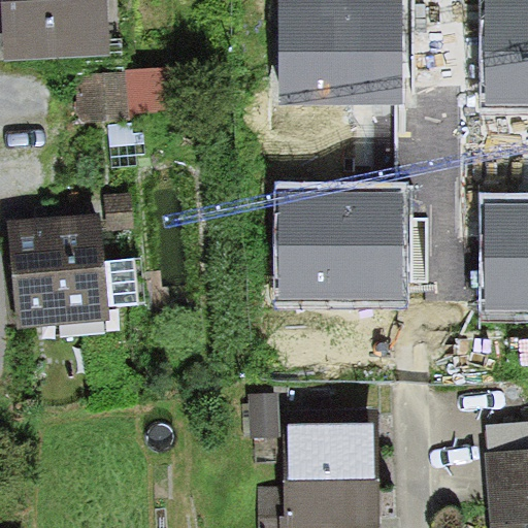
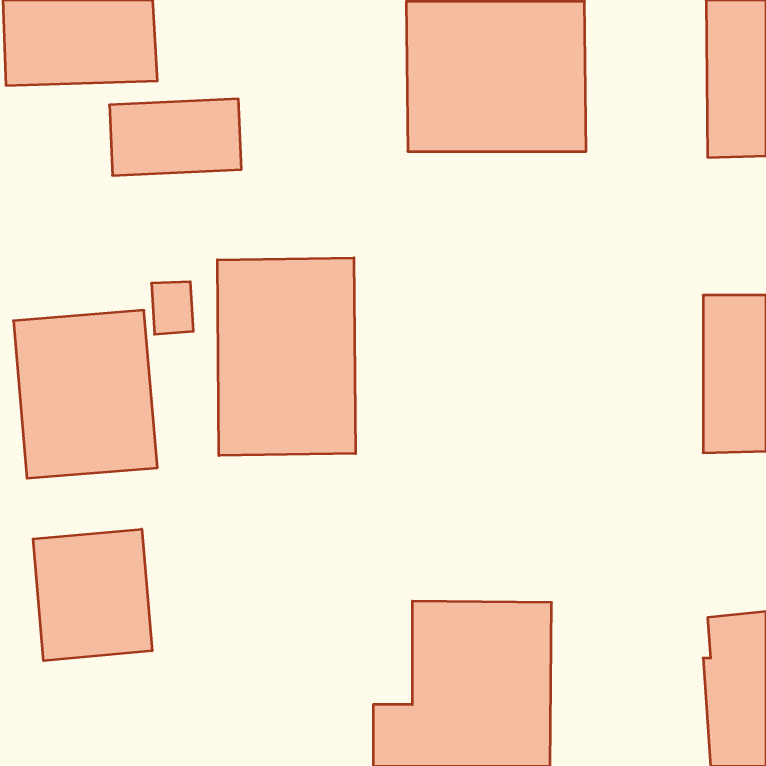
building: none -> [217,258,356,456]
building: [278,191,401,295] -> none
building: none -> [33,529,152,661]

